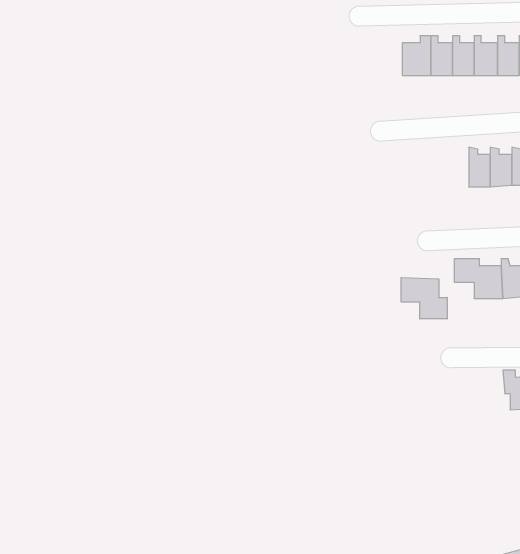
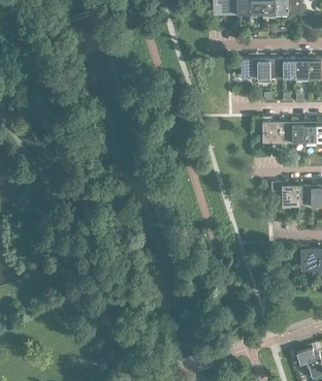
building: none -> [255,118,280,141]
building: [401,277,447,319] -> none

